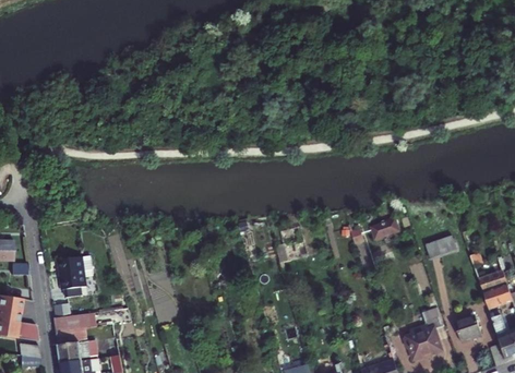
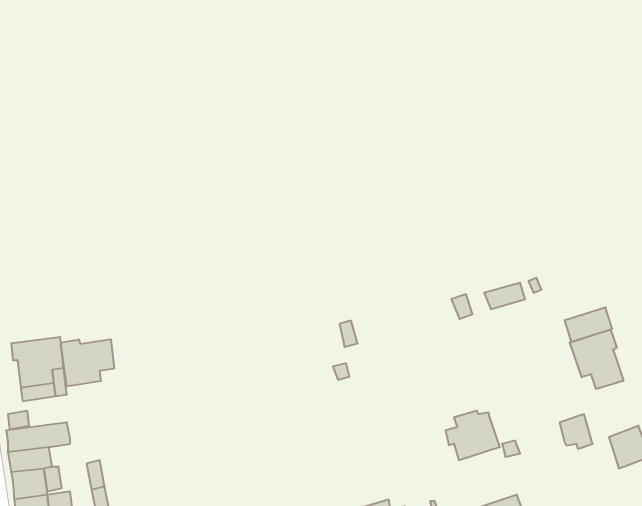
building: none -> [570,329,623,389]
building: none -> [61,339,114,386]
building: [404,325,440,358] -> [446,411,500,460]

